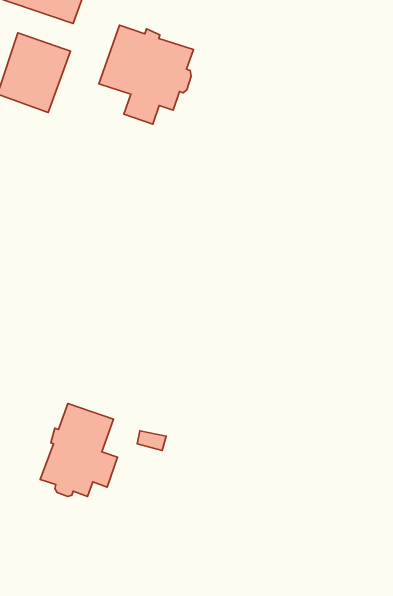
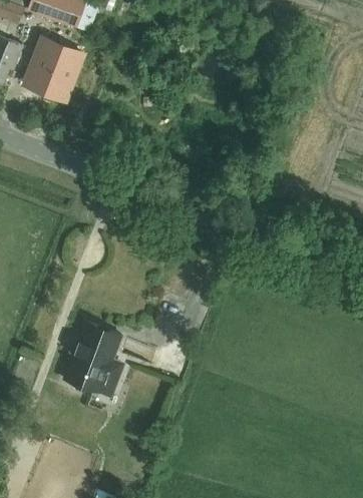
building: [99,25,194,124] -> none

